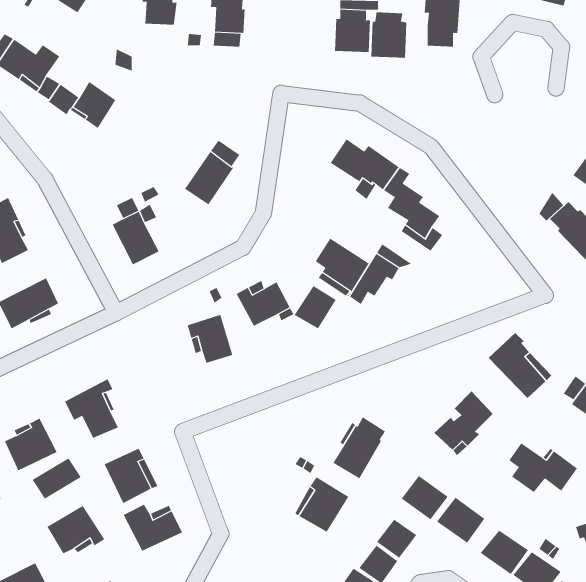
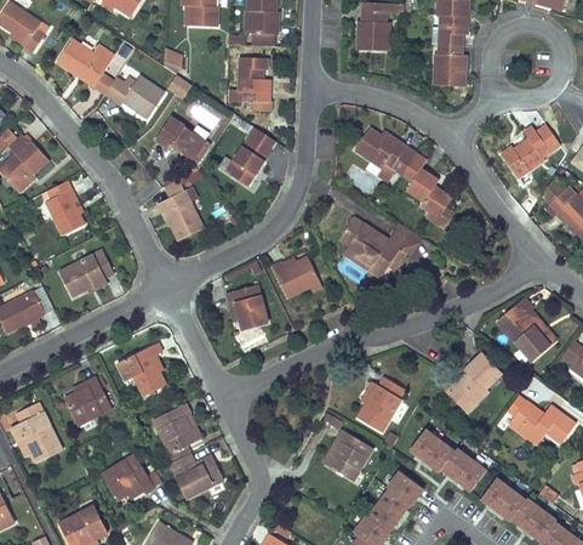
building: [370,12,407,58] -> [435,45,468,86]
building: none -> [238,57,272,113]
building: none -> [156,118,213,165]
building: none -> [501,126,559,177]
building: [294,285,337,329] -> none
building: [32,457,82,500] -> none

